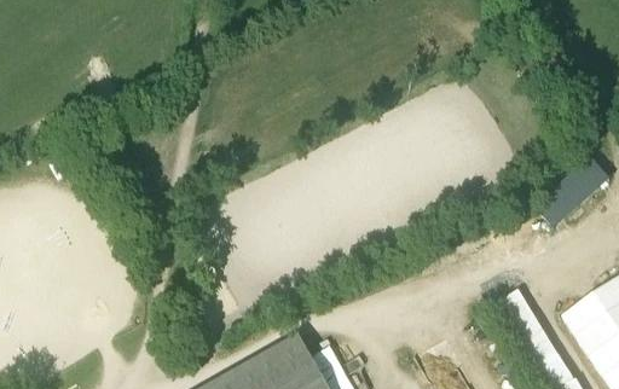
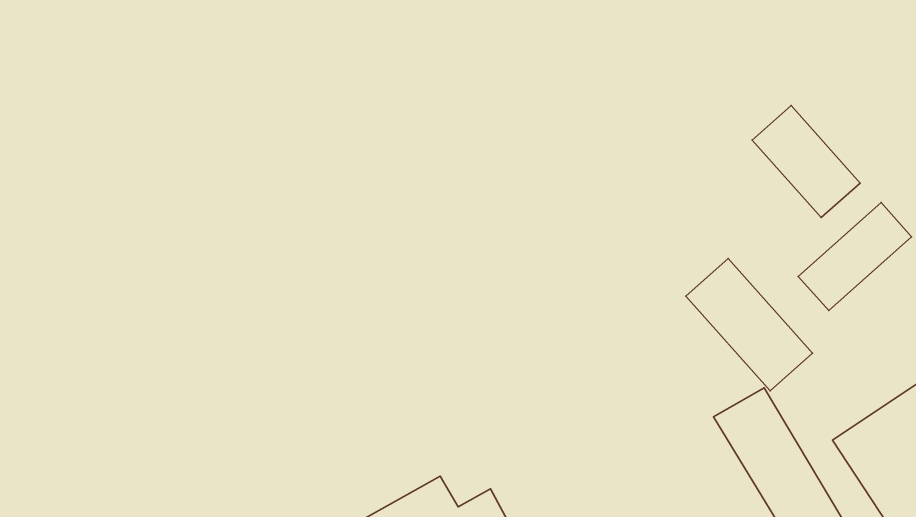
building: none -> [752,106,860,218]
building: none -> [686,259,813,391]

